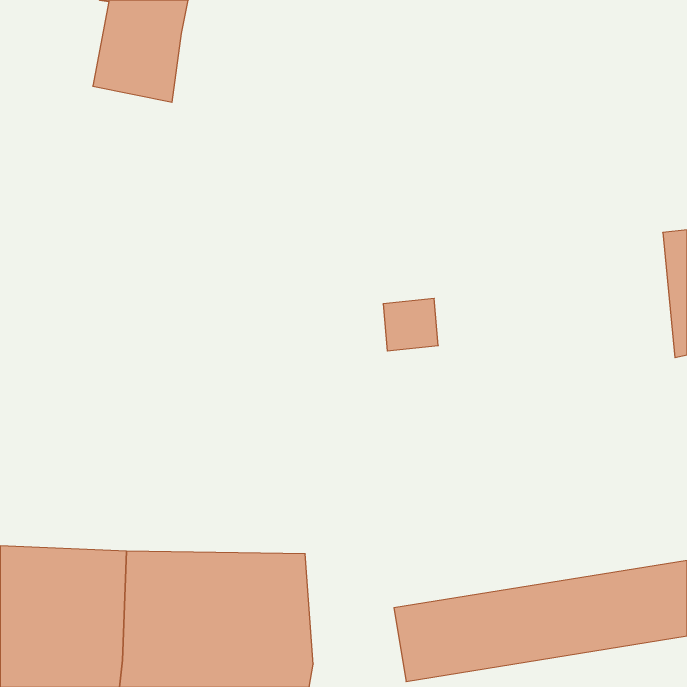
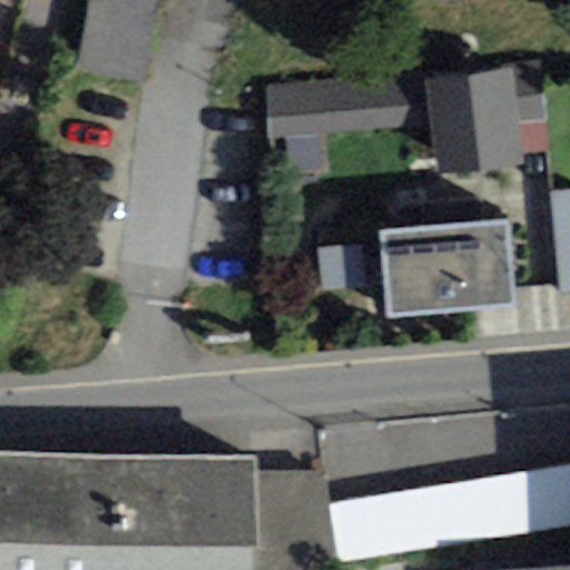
building: none -> [264,61,547,175]
building: none -> [379,220,515,317]

